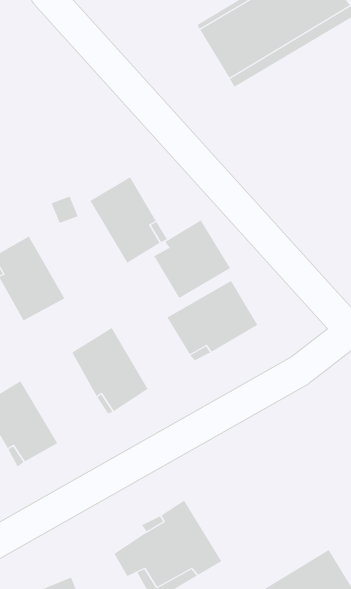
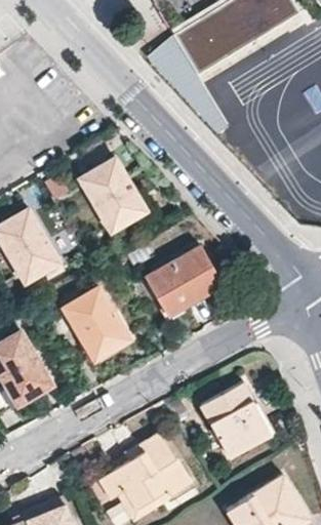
building: [154,220,231,299] -> none
building: none -> [200,383,271,457]

